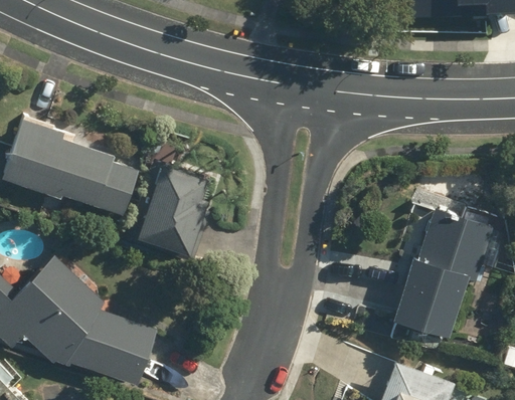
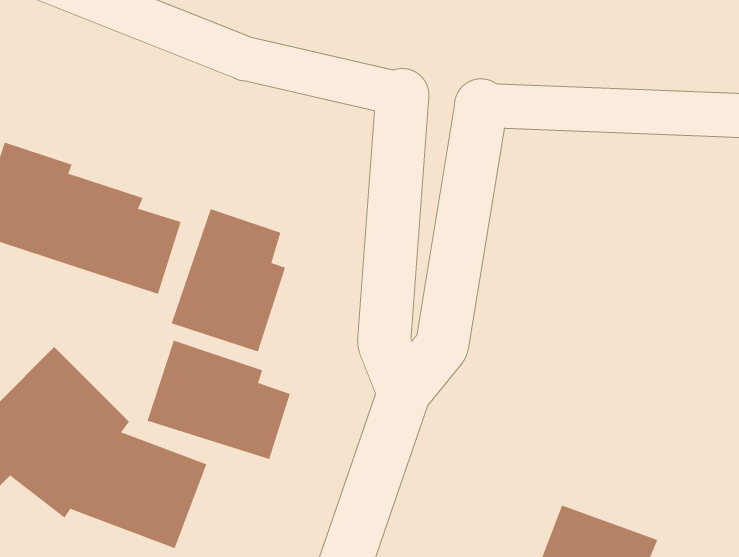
building: [387,205,498,343] -> none
building: none -> [147,340,290,460]

